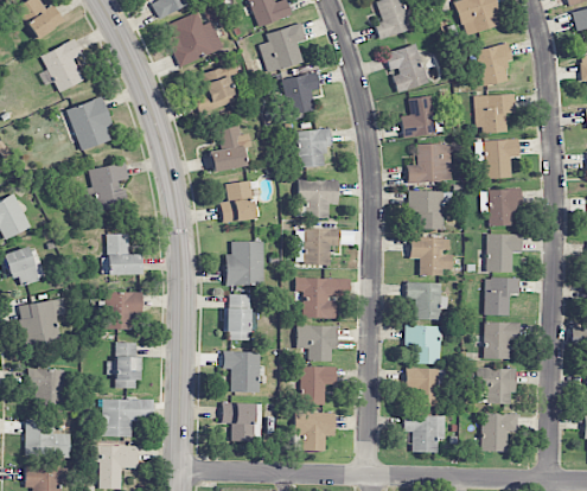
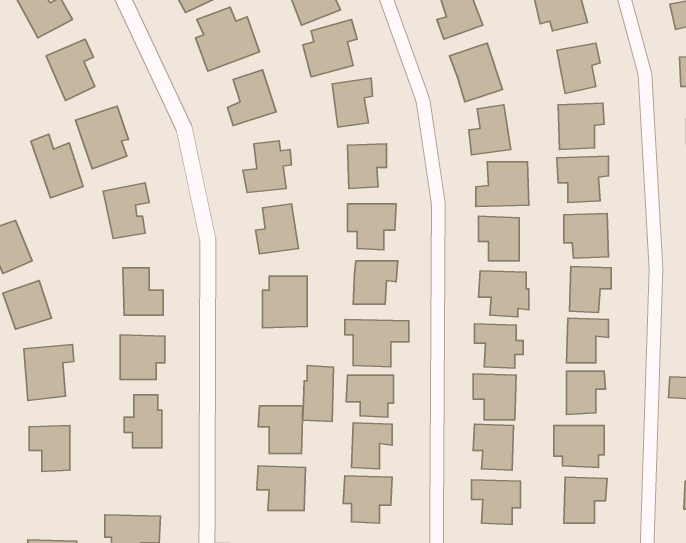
building: none -> [31,134,83,198]
building: [224,294,250,342] -> [303,366,334,421]
building: [103,398,153,438] -> none
building: [25,420,70,457] -> none

